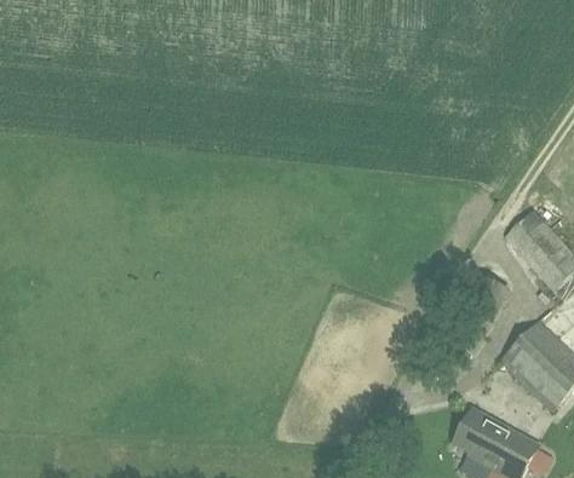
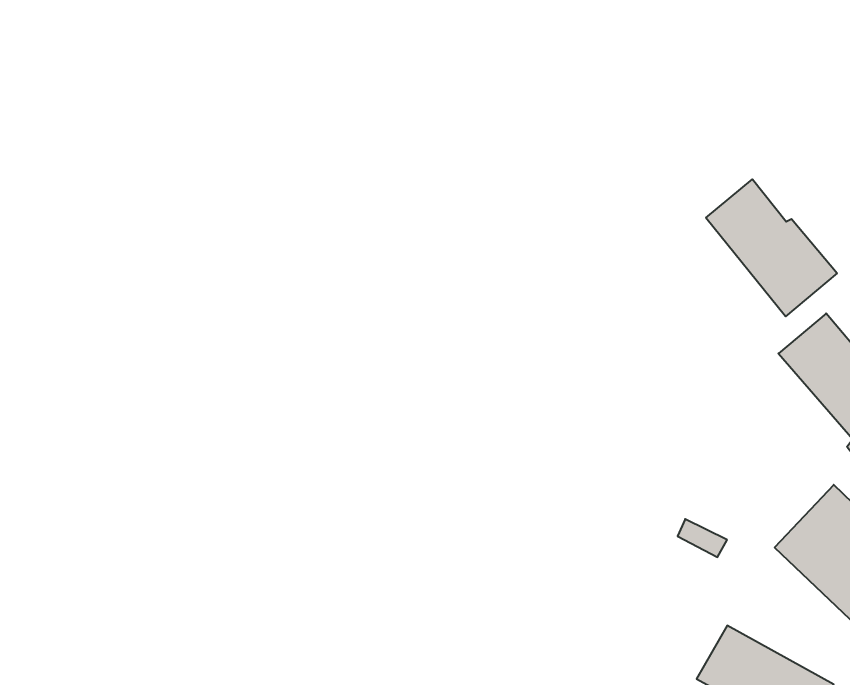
building: none -> [706,179,837,316]

